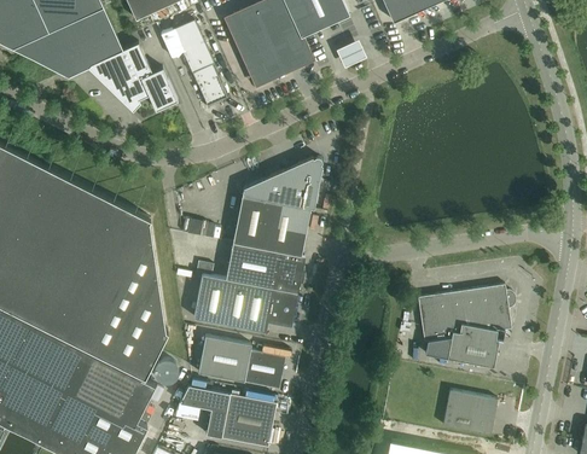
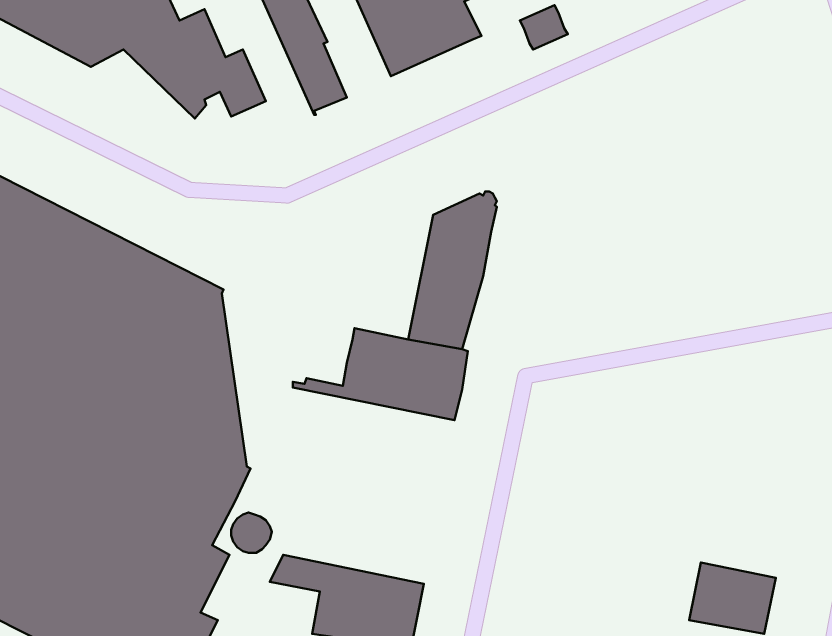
building: [233,173,283,251] -> none
building: [188,281,296,333] -> none
building: [418,286,516,368] -> none
building: [198,337,285,390] -> none

